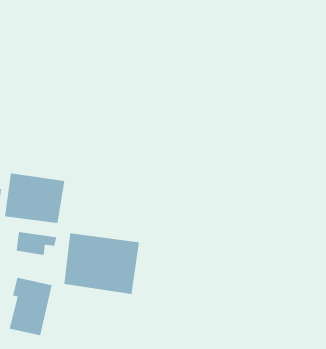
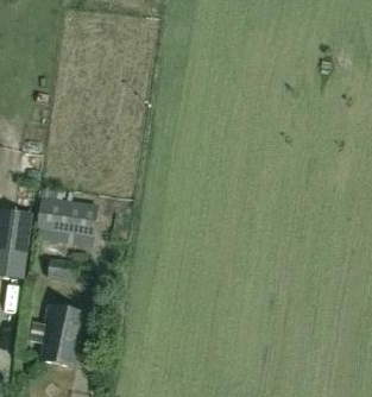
building: [64,232,140,295] -> none

